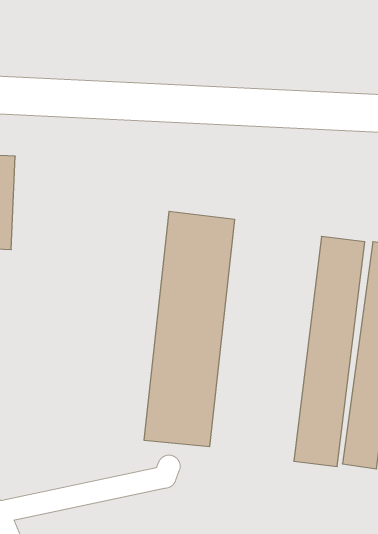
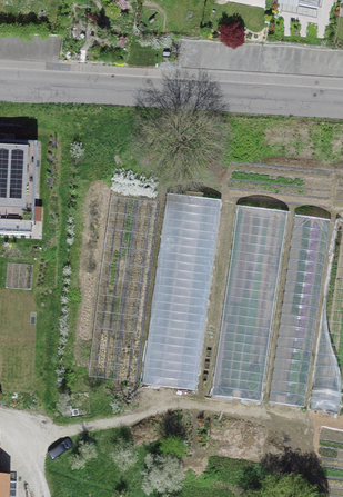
building: none -> [215,203,286,400]

